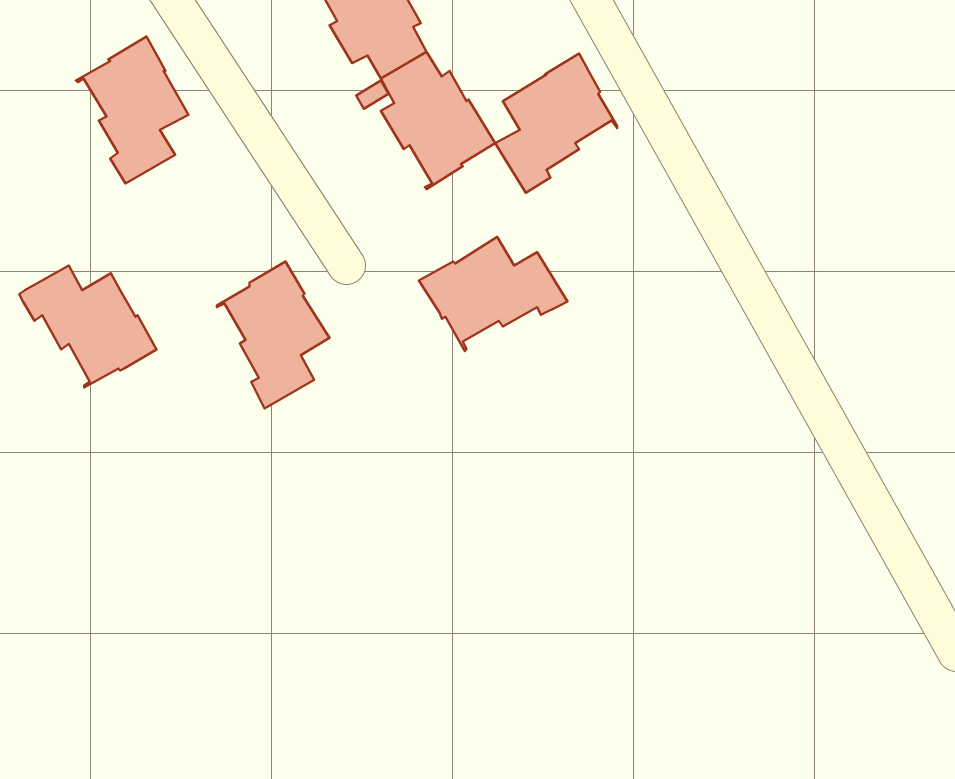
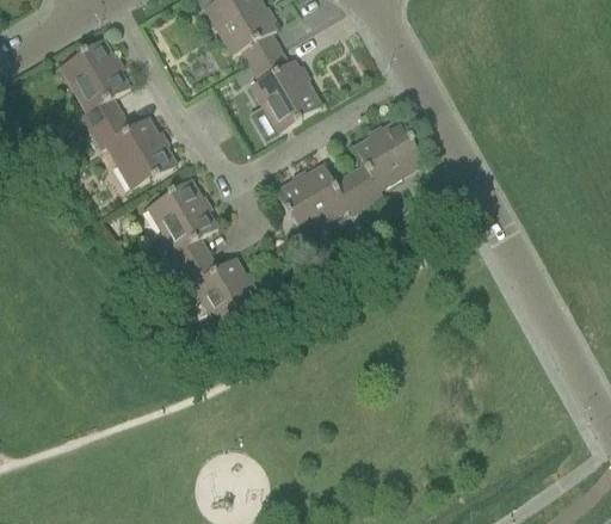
building: [495,54,617,193] -> [347,117,424,204]
building: [19,265,156,388] -> [90,112,175,189]
building: none -> [177,253,264,328]

